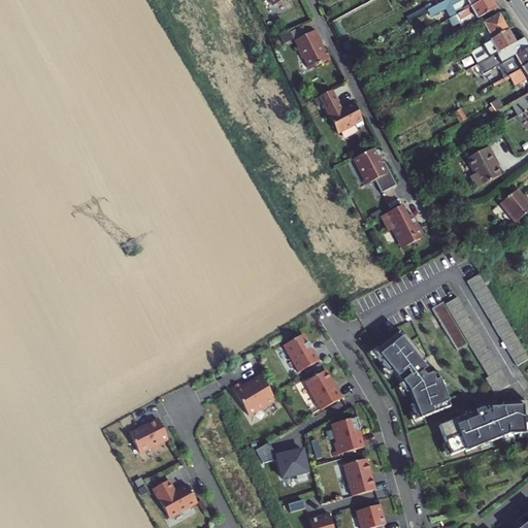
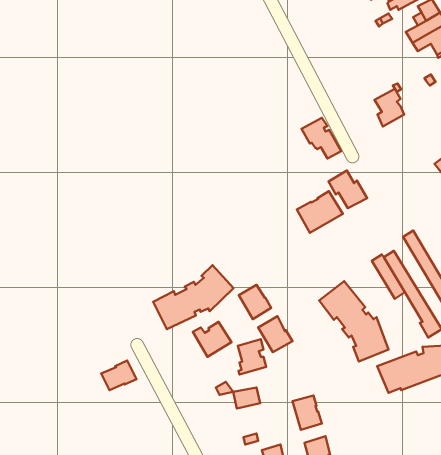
building: [296,30,331,69] -> none
building: [318,89,365,133] -> none
building: [467,144,500,187] -> [375,89,404,127]
building: none -> [297,191,343,233]
building: none -> [153,265,233,329]
building: [334,416,366,455] -> [238,339,266,374]
building: [154,481,198,518] -> none

